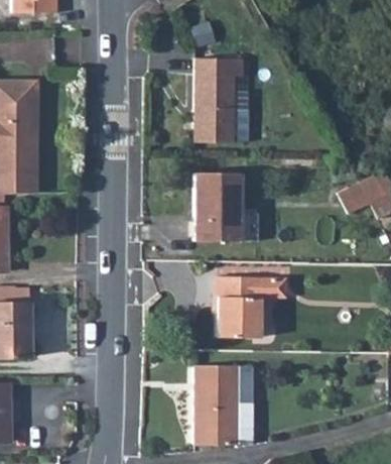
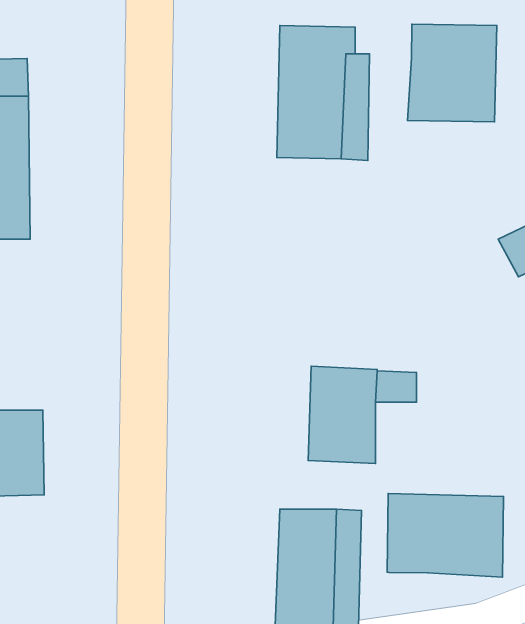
building: none -> [408,24,497,122]
building: [194,172,241,241] -> none
building: none -> [387,494,504,577]

